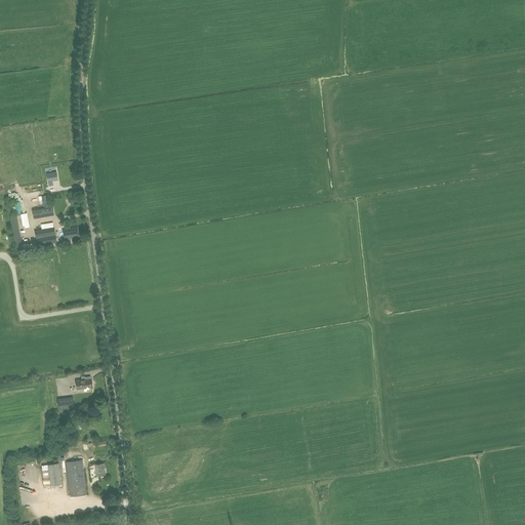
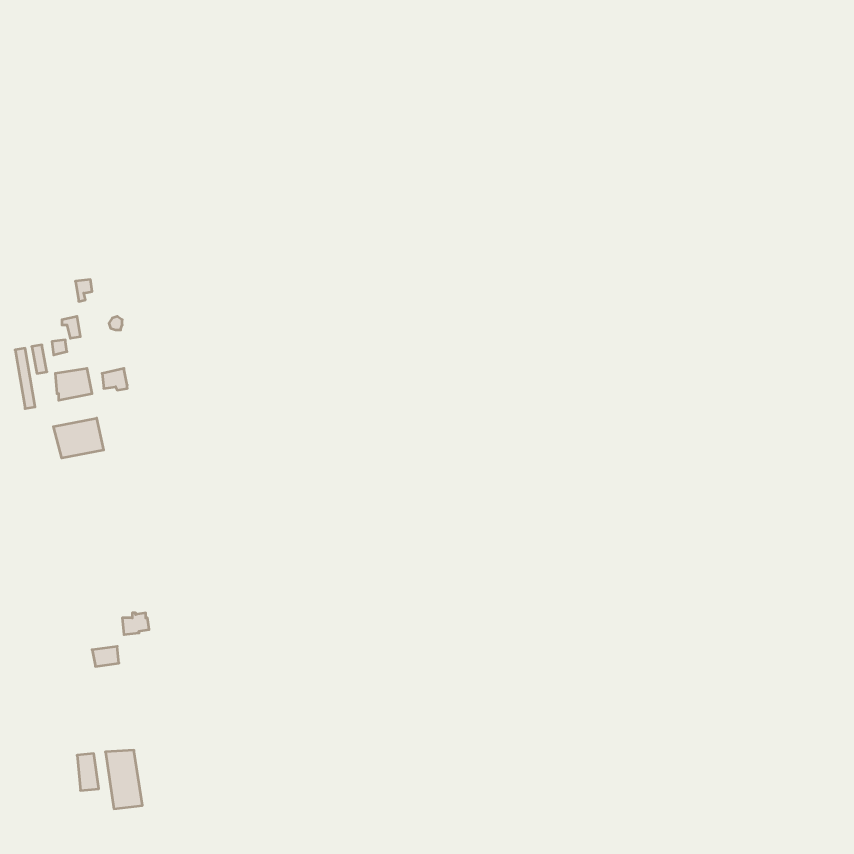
building: none -> [53,418,104,458]

